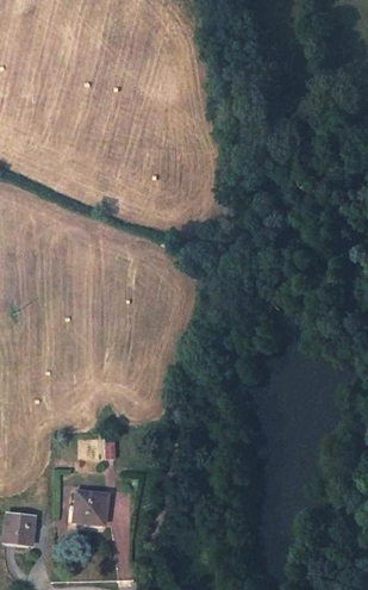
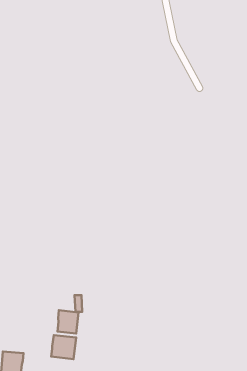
building: none -> [57,310,78,334]

